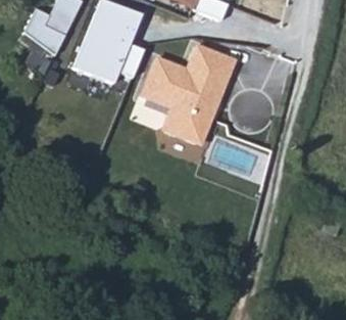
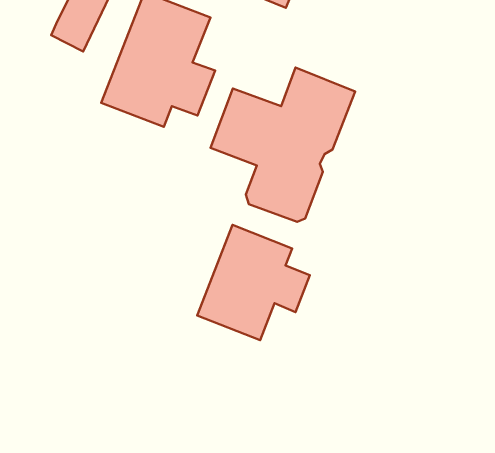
building: [23,9,64,55] -> none
building: none -> [197,225,310,340]

